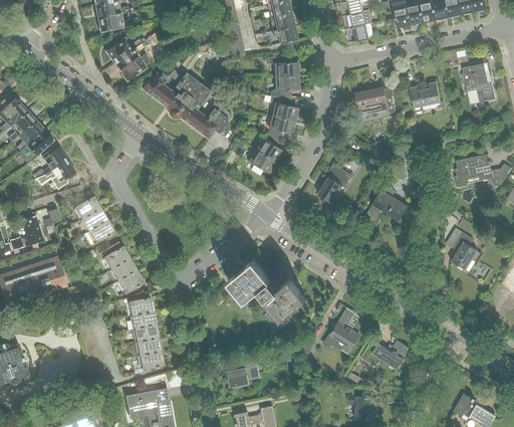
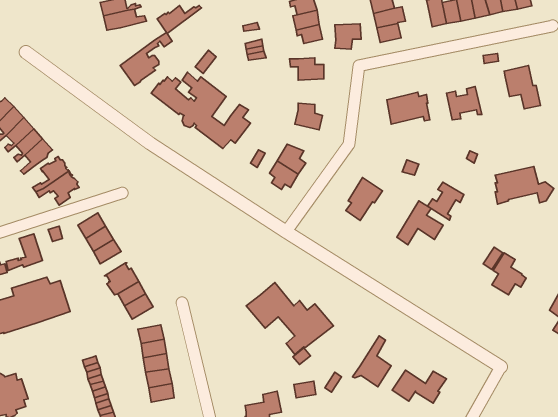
building: [104,38,145,63] -> [157,6,201,33]
building: [275,75,299,98] -> [335,24,361,49]
building: [265,117,294,141] -> none
building: none -> [428,182,464,220]

